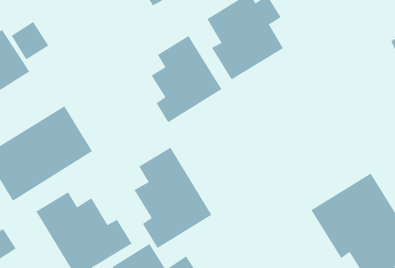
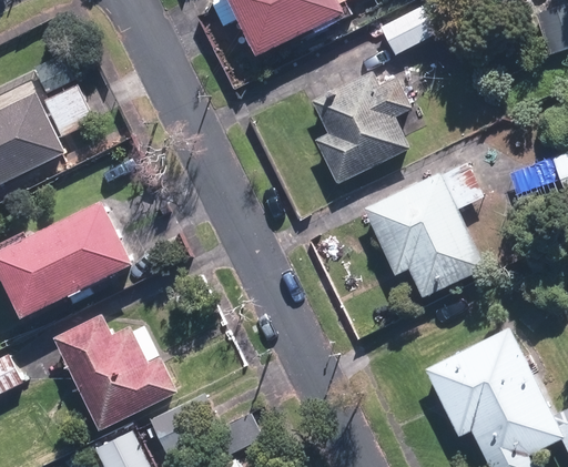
building: [151,35,222,123] -> none
building: none -> [362,163,484,297]
building: [134,147,212,249] -> none

